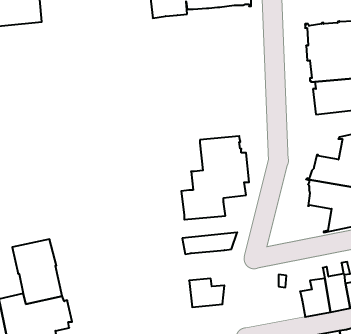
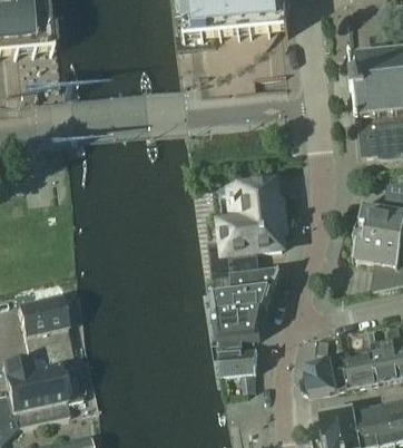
building: none -> [209,269,279,296]
building: none -> [217,310,261,340]
building: none -> [301,358,348,393]

